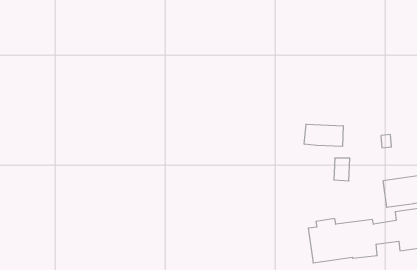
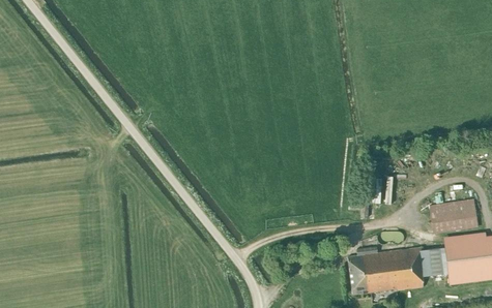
building: [304,124,343,146] -> none

